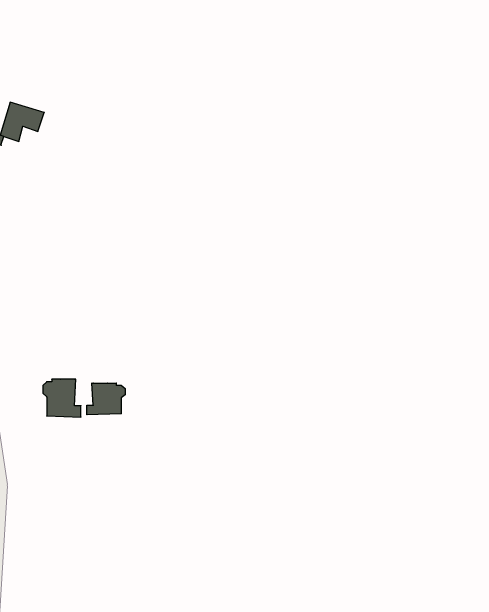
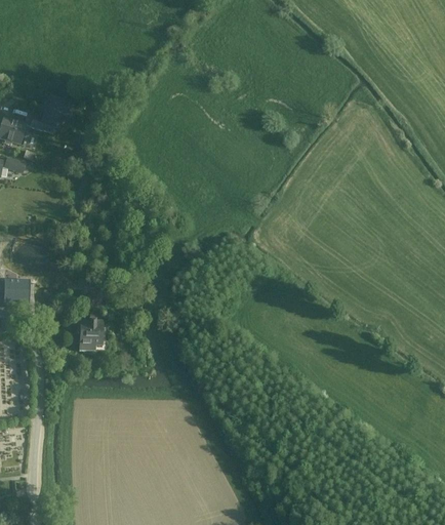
building: [87,383,125,415] -> none

